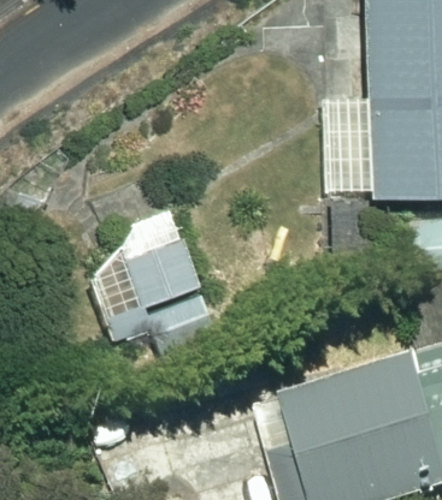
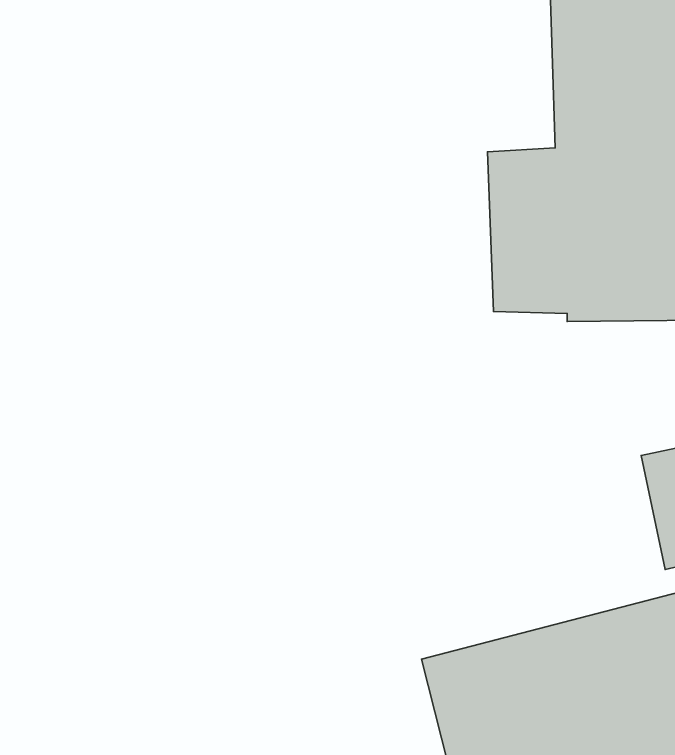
building: [87,231,218,356] -> none

